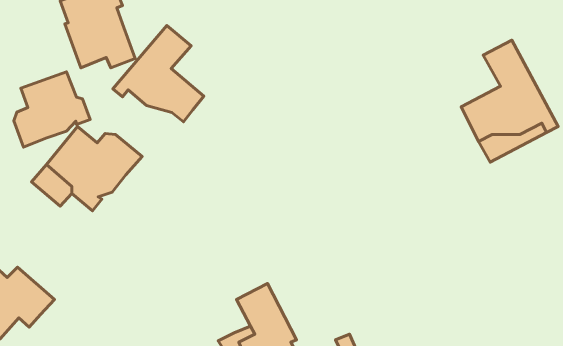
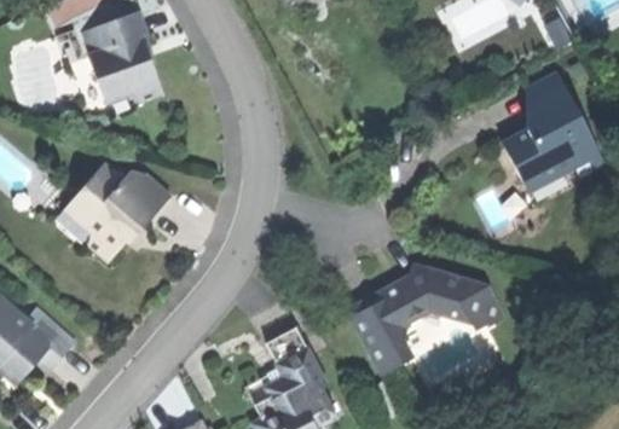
building: [113,26,204,122] -> none
building: [14,72,90,147] -> none
building: none -> [346,265,499,370]

